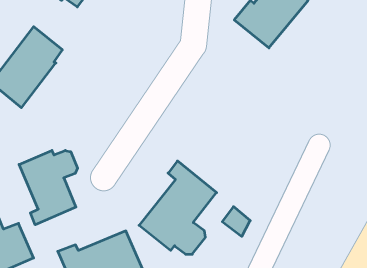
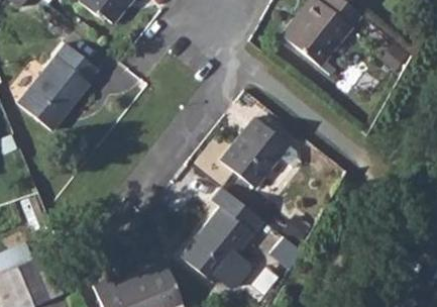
building: none -> [221,117,289,188]
building: [19,150,78,225] -> none

